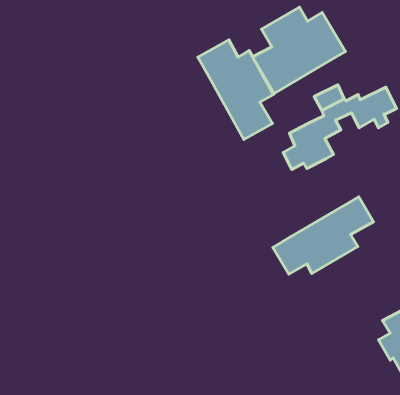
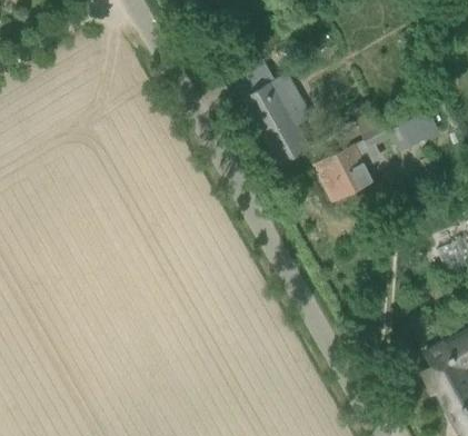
building: [253,7,345,94] -> none
building: [273,197,374,274] -> none

